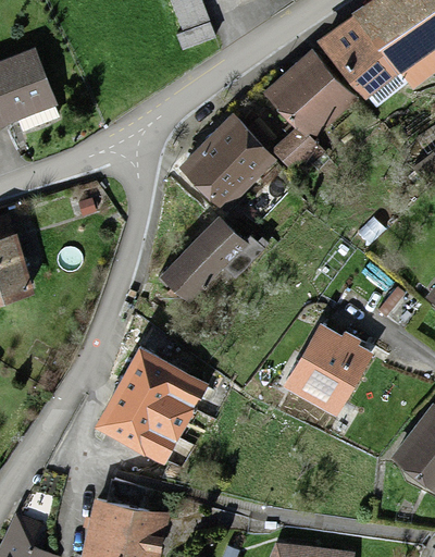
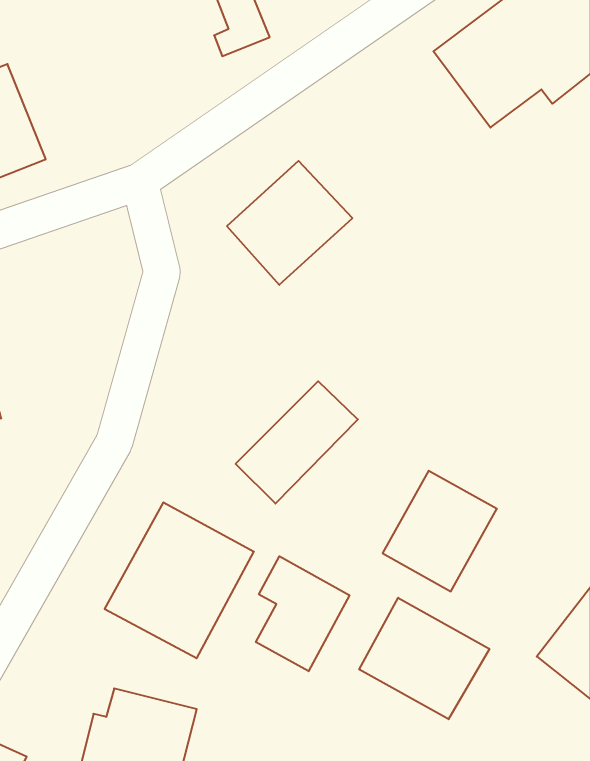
building: [266,52,352,166] -> none
building: [163,218,247,301] -> [236,381,358,504]
building: none -> [256,556,349,671]
building: none -> [359,598,489,719]

